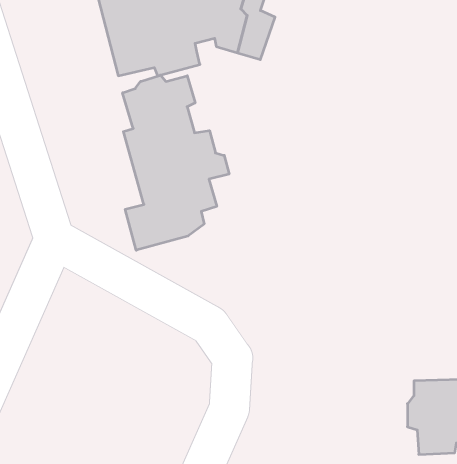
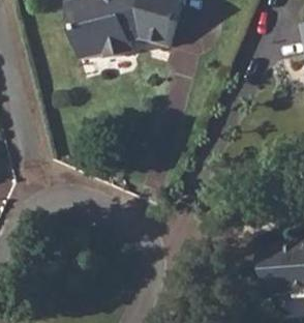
building: [123,75,229,250] -> none

